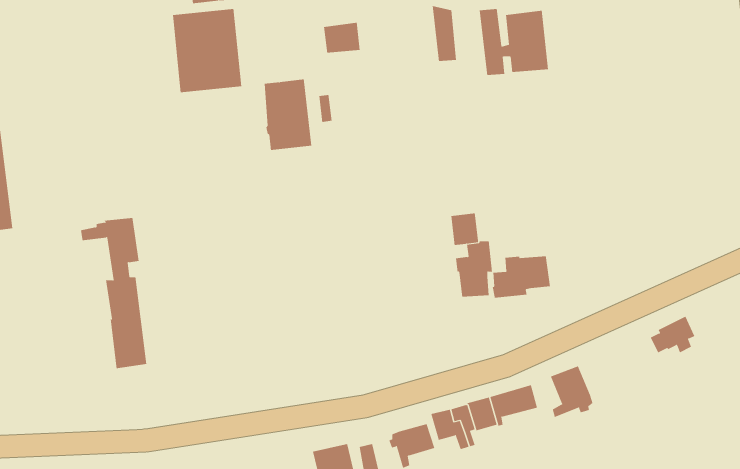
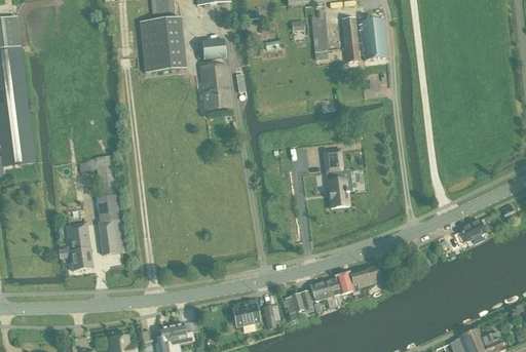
building: [323,22,361,53] -> [200,38,225,58]
building: [492,256,551,298] -> none
building: none -> [58,223,91,270]
building: [550,366,593,418] -> none

